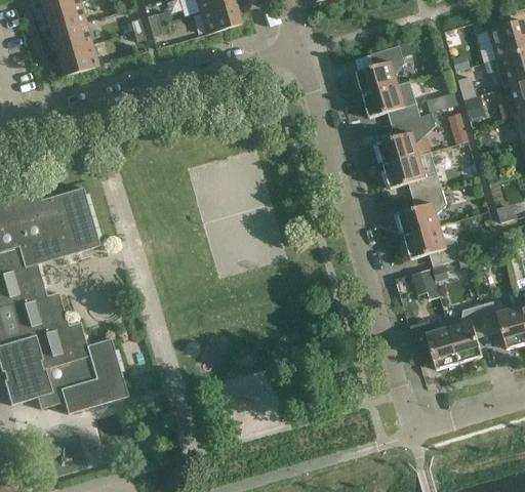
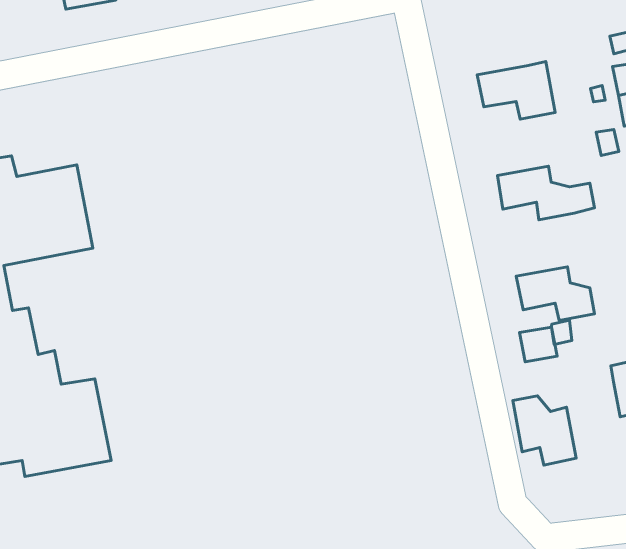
building: [356,44,405,94] -> none
building: [376,112,436,165] -> none
building: [398,187,447,236] -> none
building: [449,304,488,362] -> none

